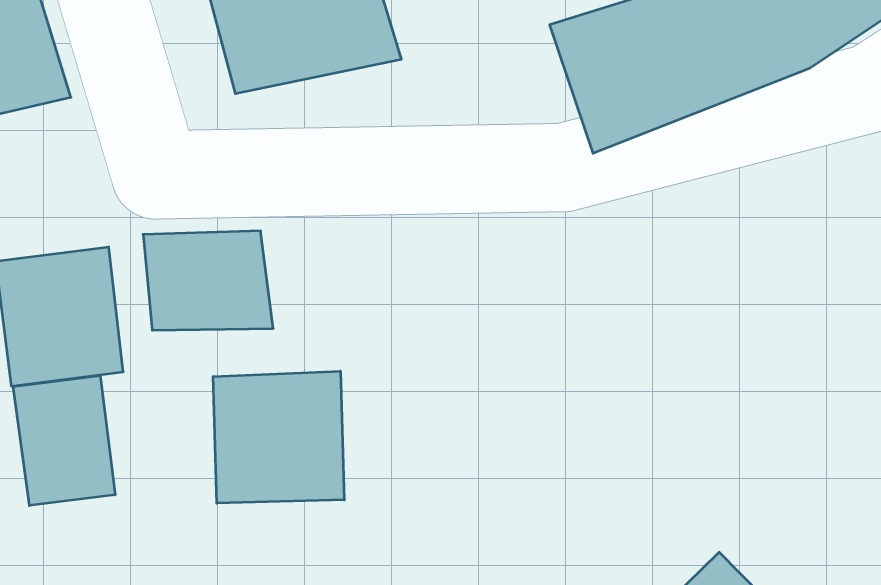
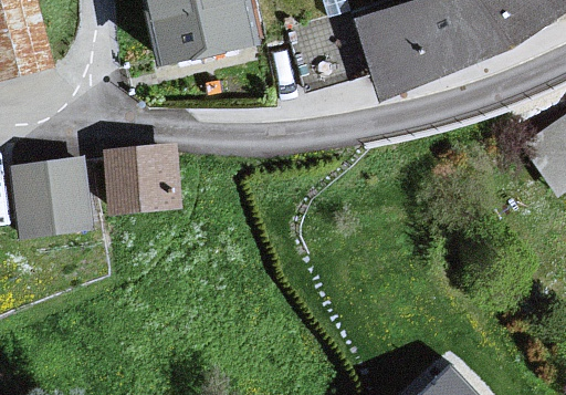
building: [213,371,344,503] -> none
building: [13,375,115,506] -> none

